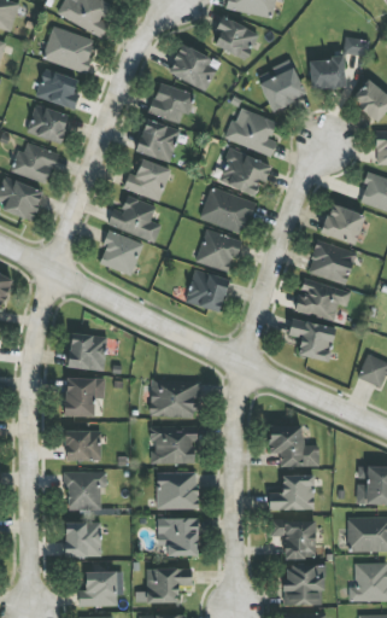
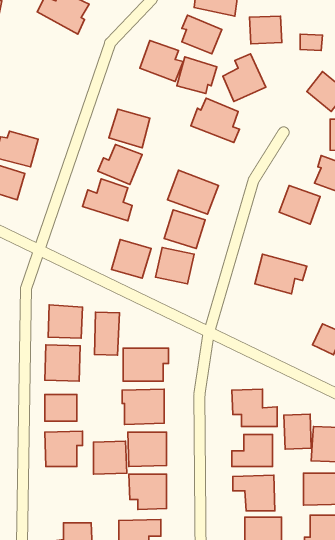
building: [42,25,96,74] -> none
building: [310,58,345,88] -> [250,16,282,44]
building: [35,68,80,110] -> none
building: [149,82,193,122] -> [177,57,217,93]
building: [27,104,69,142] -> none
building: [217,148,270,197] -> none
building: [99,232,142,274] -> [111,240,151,278]
building: [307,241,354,282] -> none
building: [288,319,335,361] -> none
building: none -> [94,312,119,355]
building: none -> [284,414,311,449]
building: [65,521,101,558] -> [93,441,127,474]

